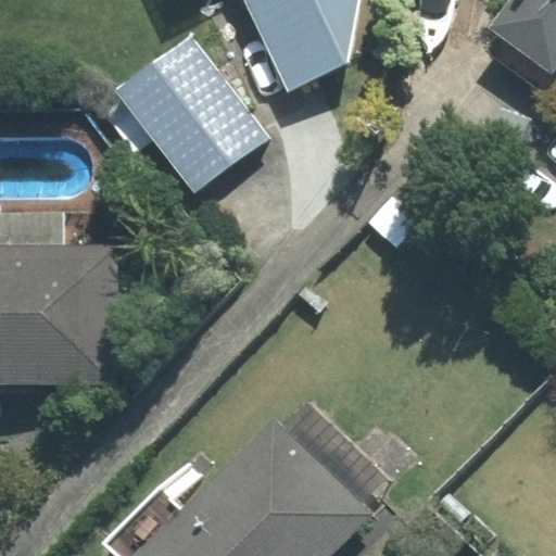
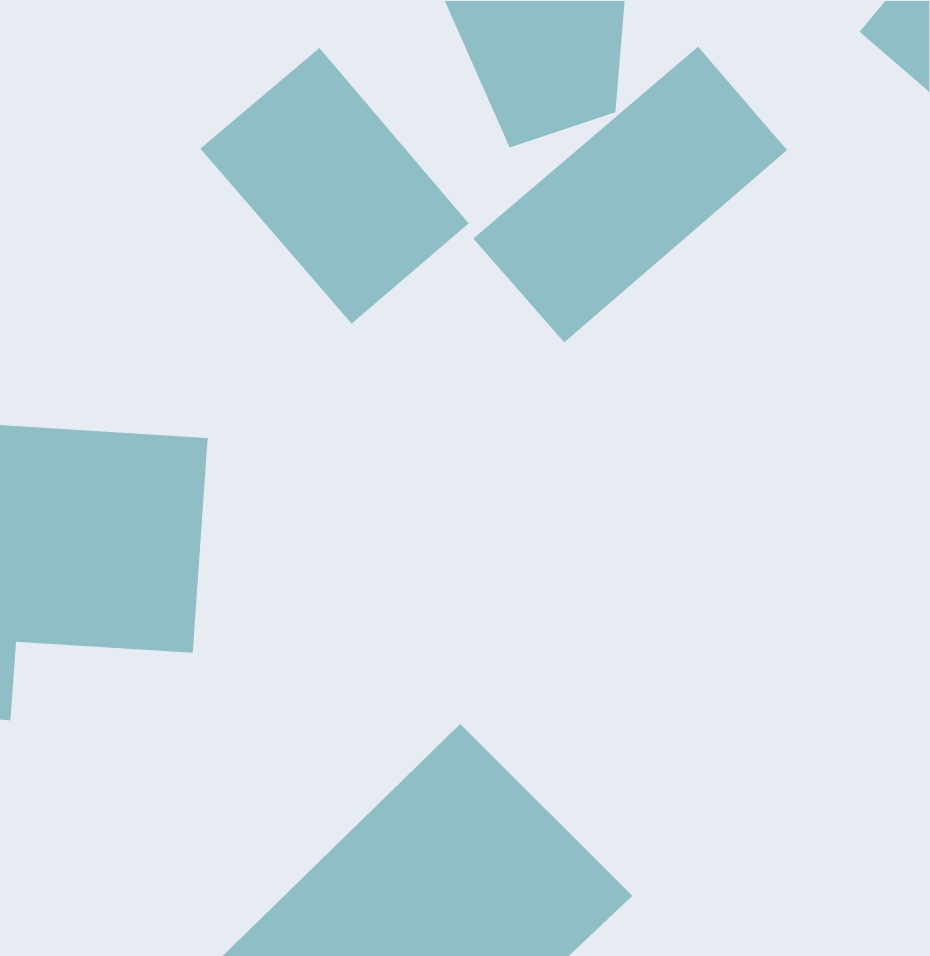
building: none -> [472,45,788,343]

